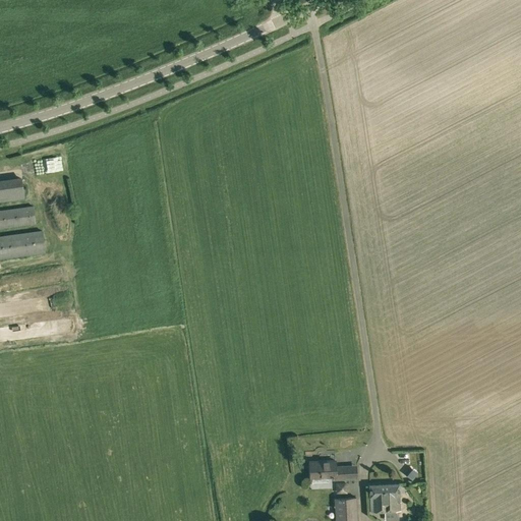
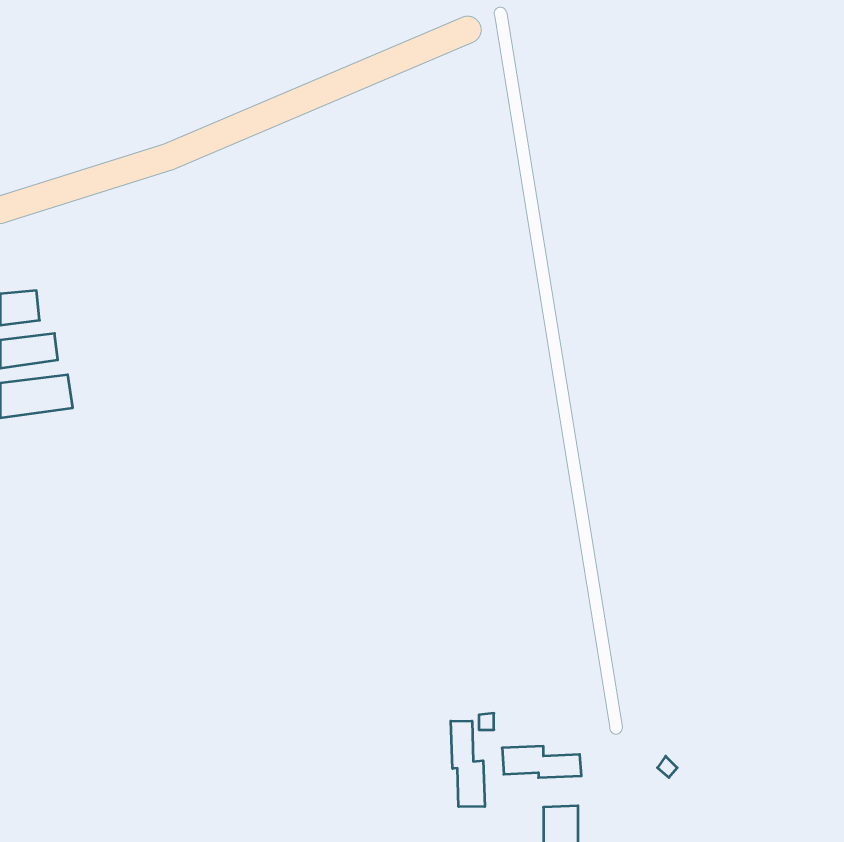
building: none -> [451,721,485,807]
building: [369,484,400,513] -> none

